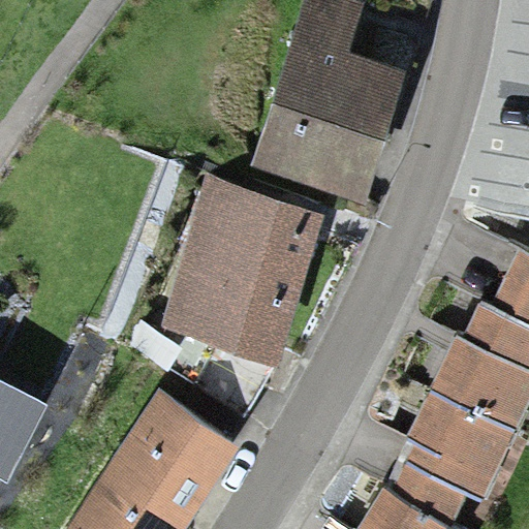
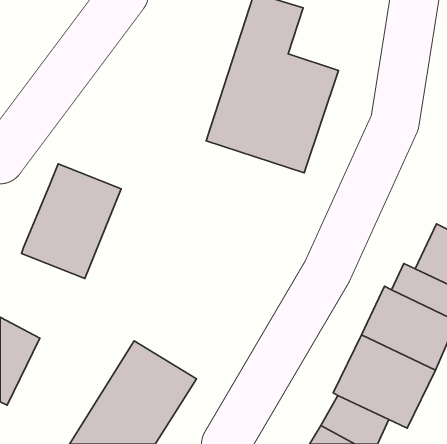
building: [164,191,322,363] -> none
building: none -> [22,164,121,279]

